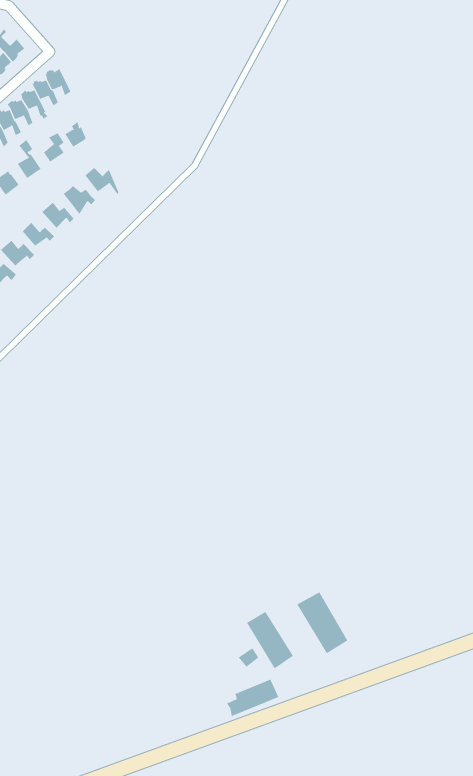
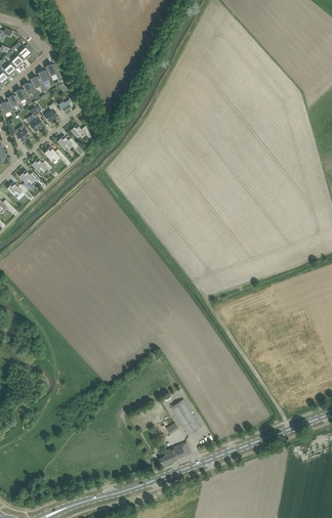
building: [297,592,348,654] -> none

